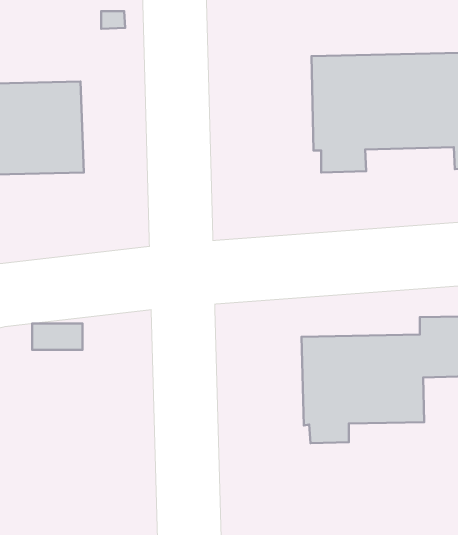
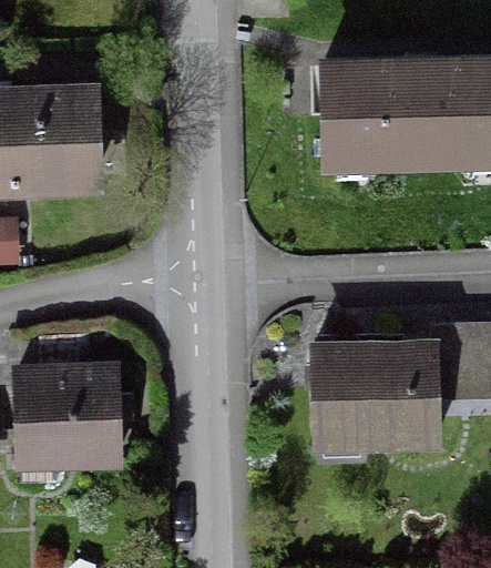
building: none -> [17,368,119,455]

